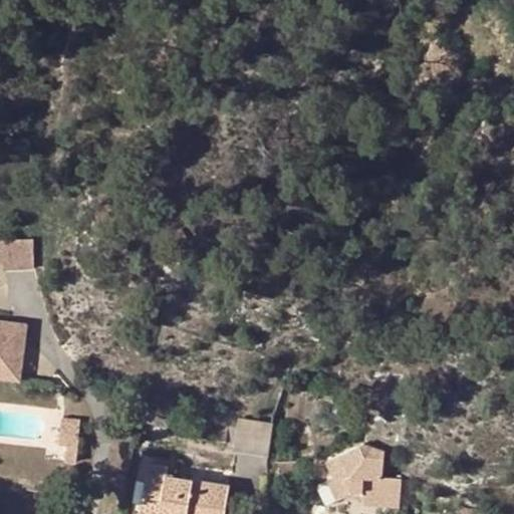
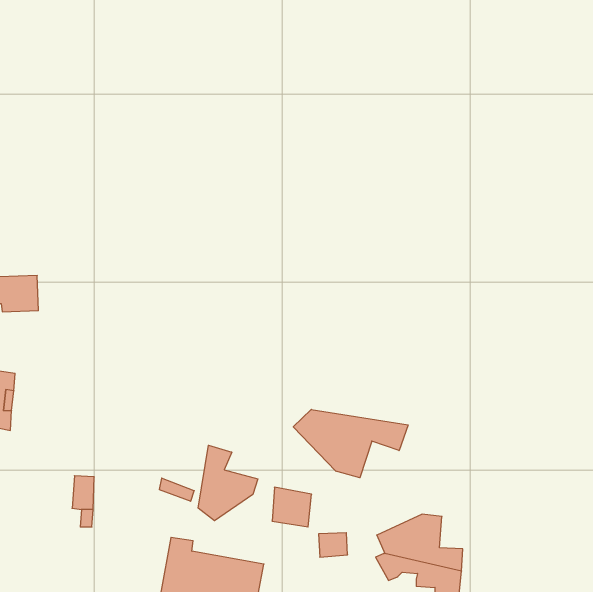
building: none -> [293,409,408,478]
building: none -> [198,445,258,521]

